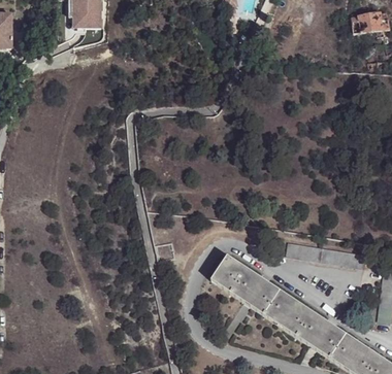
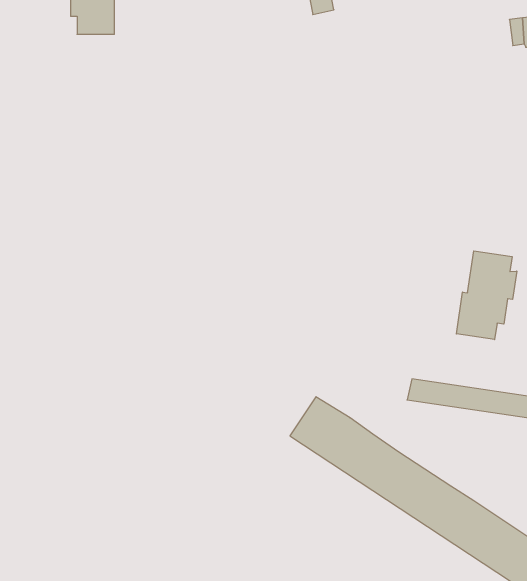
building: none -> [456,251,517,340]

